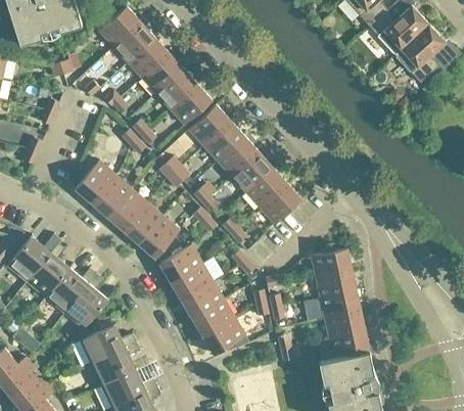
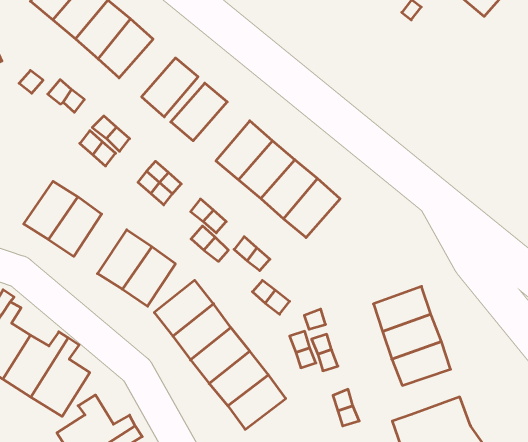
building: [155,70,197,109] -> none
building: [202,121,244,162] -> none
building: [107,189,147,231] -> none
building: [311,248,352,277] -> none
building: [329,330,369,359] -> none

